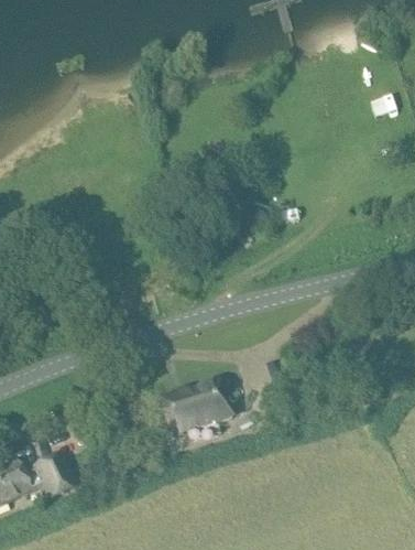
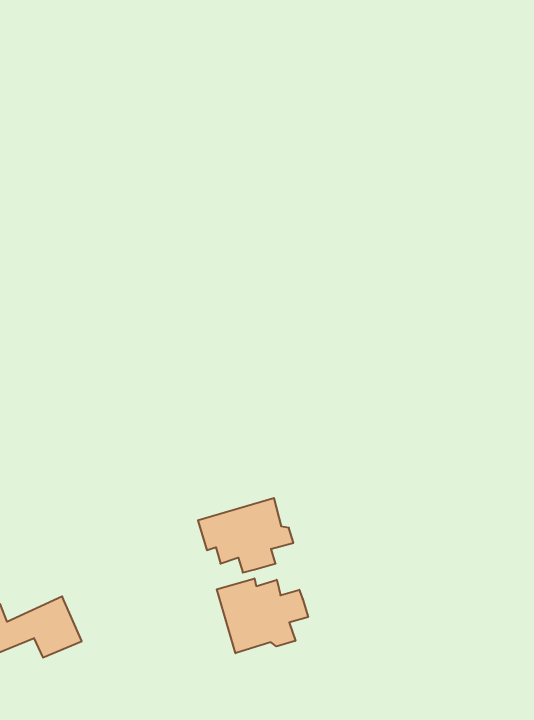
building: none -> [217,578,308,653]

